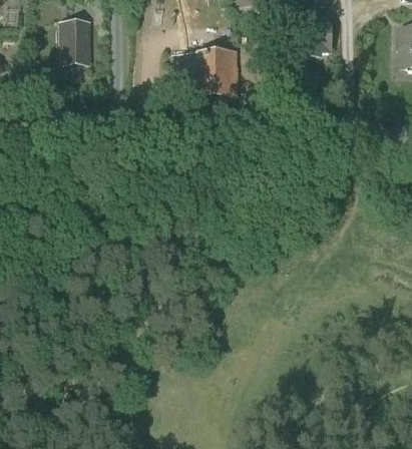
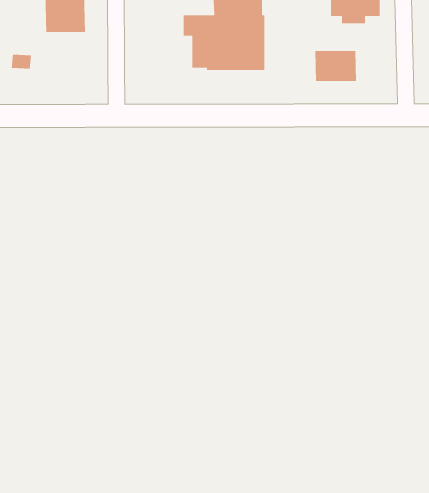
building: none -> [314,50,357,82]

